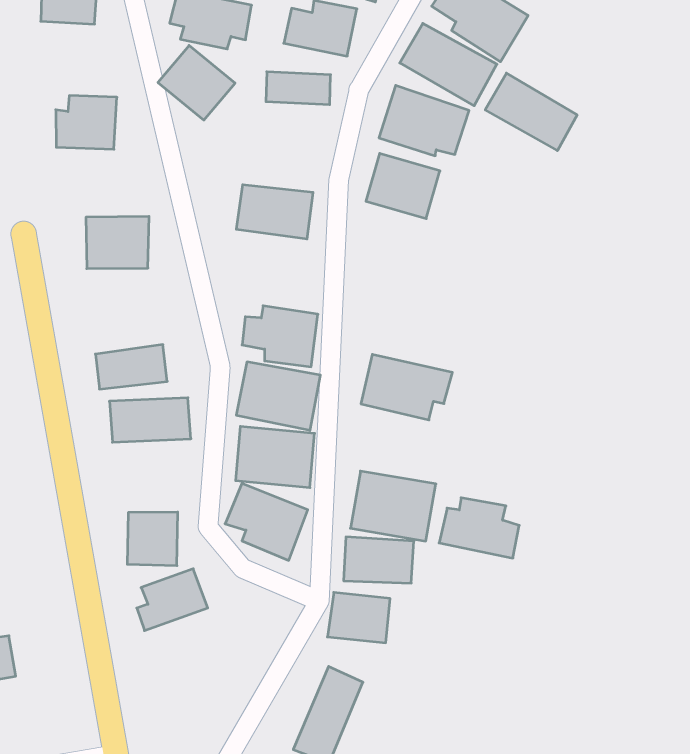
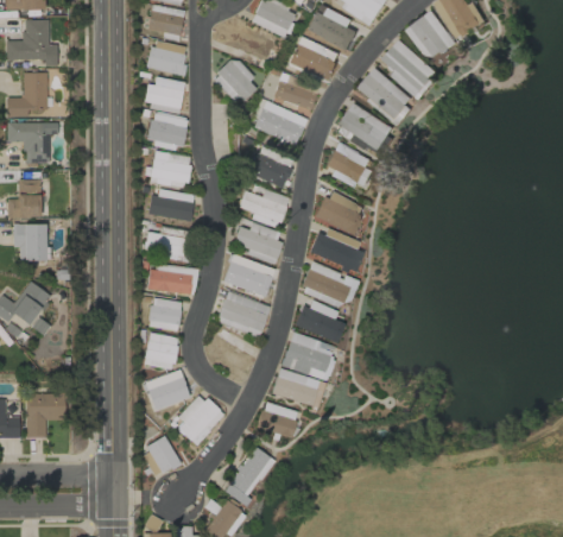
building: none -> [147,39,188,75]
building: [485,73,577,151] -> none
building: none -> [254,101,306,144]
building: none -> [147,112,188,149]
building: none -> [317,191,366,233]
building: none -> [238,188,290,228]
building: none -> [150,188,195,221]
building: none -> [309,233,363,271]
building: none -> [148,298,181,330]
building: [439,498,519,558] -> [295,301,344,342]
building: none -> [173,392,224,443]
building: none -> [140,437,179,476]

